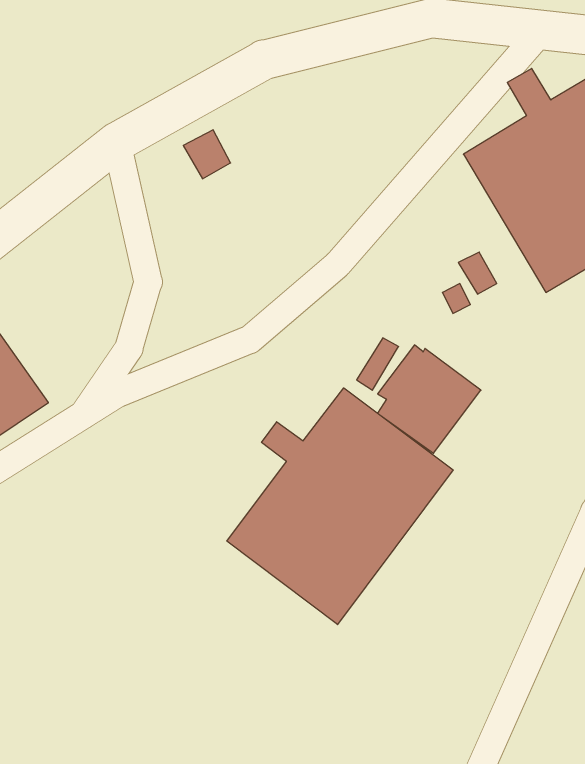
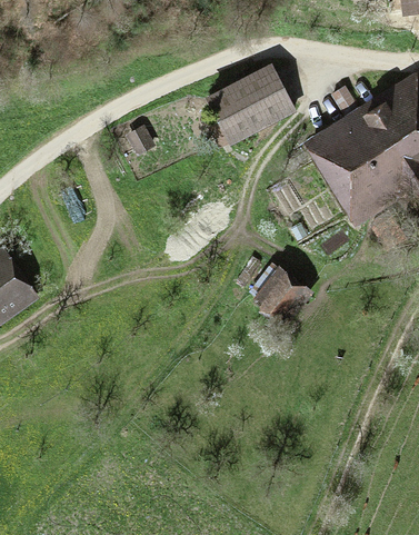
building: none -> [204,61,297,143]
building: [227,388,453,625] -> none

